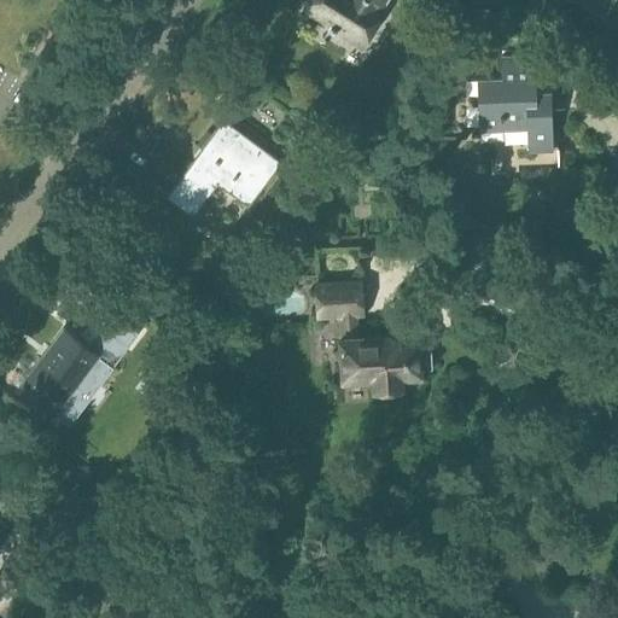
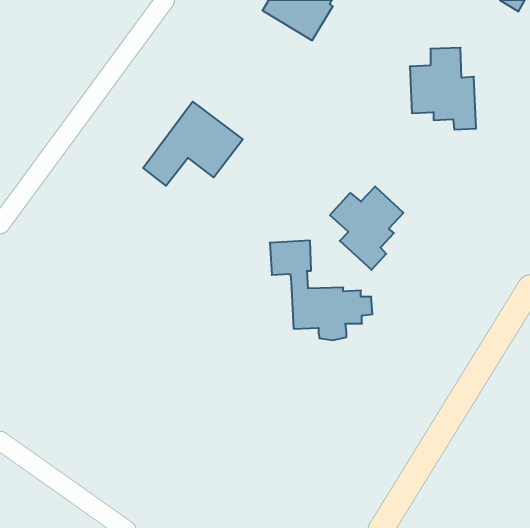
building: none -> [330,186,403,270]
building: [23,315,139,425] -> none

